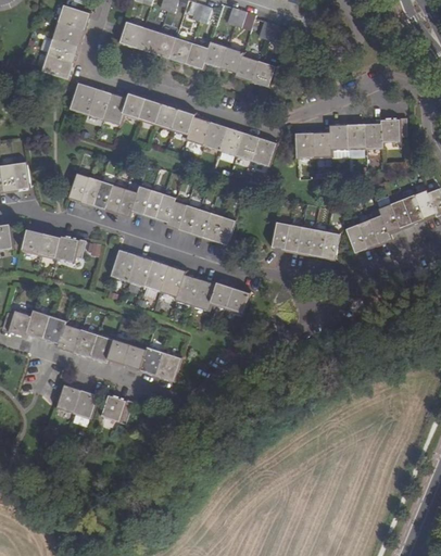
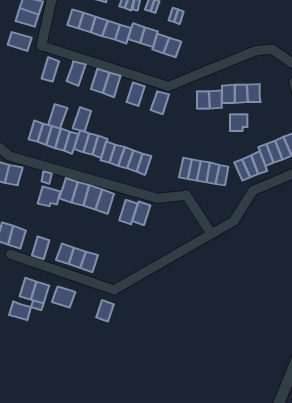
building: [47,38,78,61] -> none
building: [70,83,96,115] -> none
building: [102,92,128,125] -> [48,104,68,128]
building: [137,97,162,129] -> [73,107,91,131]
building: [185,115,210,147] -> none
building: [380,119,404,141] -> [230,115,248,131]
building: [217,126,242,157] -> none
building: [250,137,275,168] -> none
building: [55,235,86,261] -> [38,187,60,206]
building: [175,273,200,305] -> none
building: [225,286,250,317] -> none
building: [58,323,81,352] -> none
building: [90,332,114,362] -> none
building: [155,352,179,380] -> [96,300,114,321]
building: none -> [9,301,31,320]

